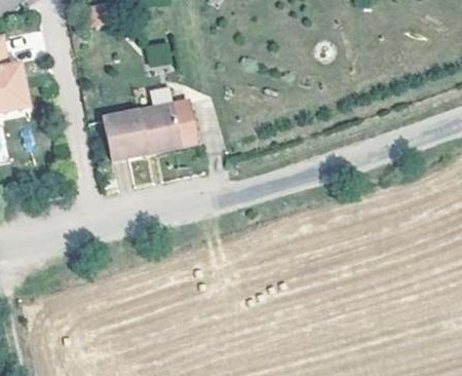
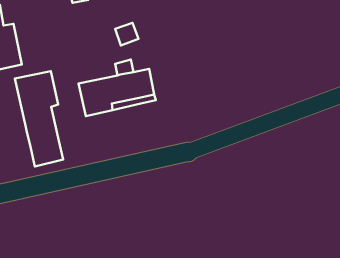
building: none -> [15,71,63,167]

